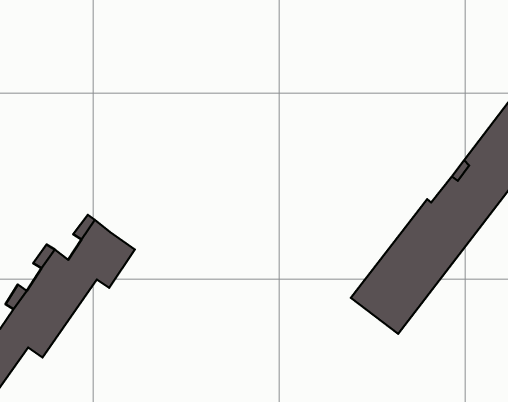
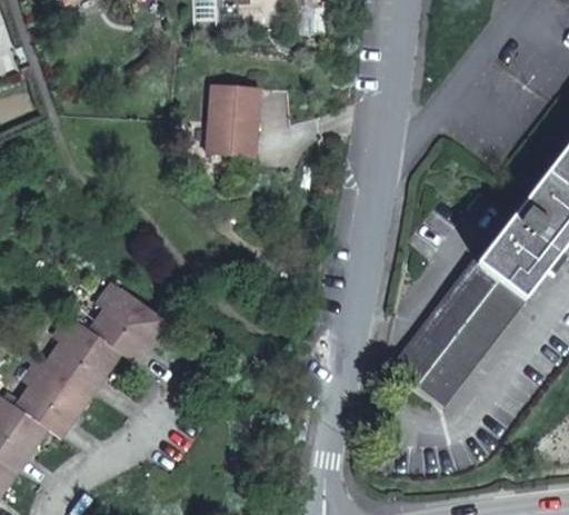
building: none -> [203,83,257,157]

